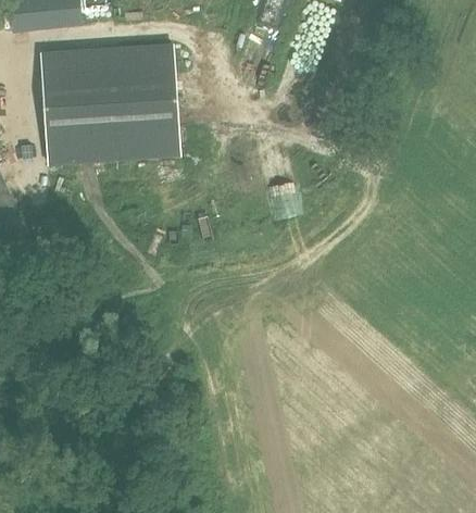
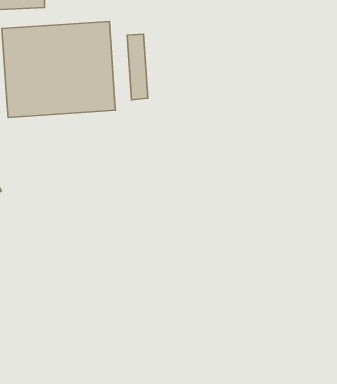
building: none -> [127,34,148,100]

